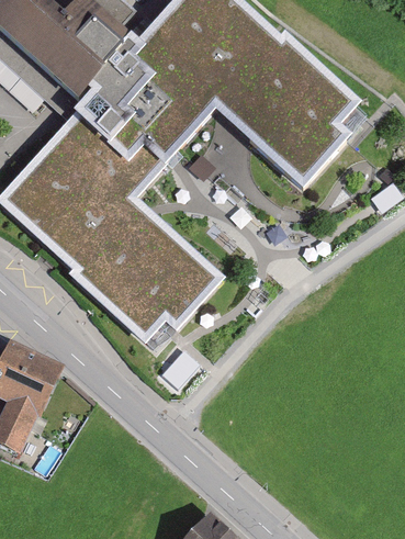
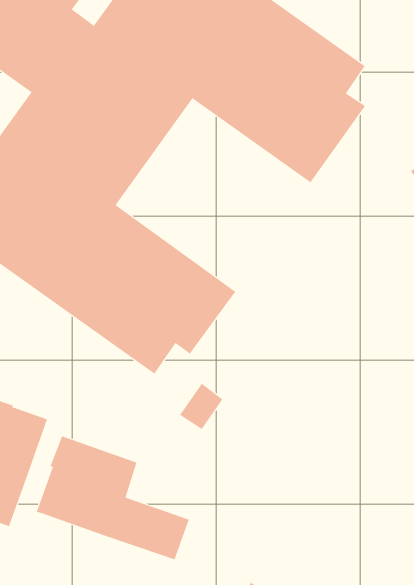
building: none -> [36,436,189,560]

